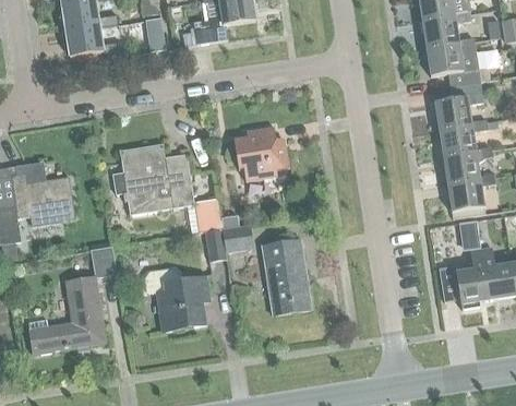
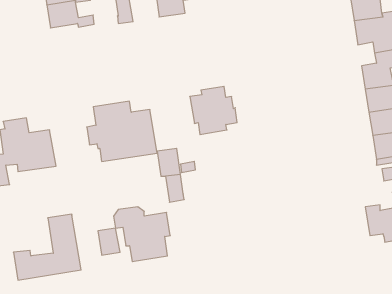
building: [221,225,252,252] -> none
building: [263,239,311,314] -> none
building: [89,246,116,277] -> [98,228,120,255]

